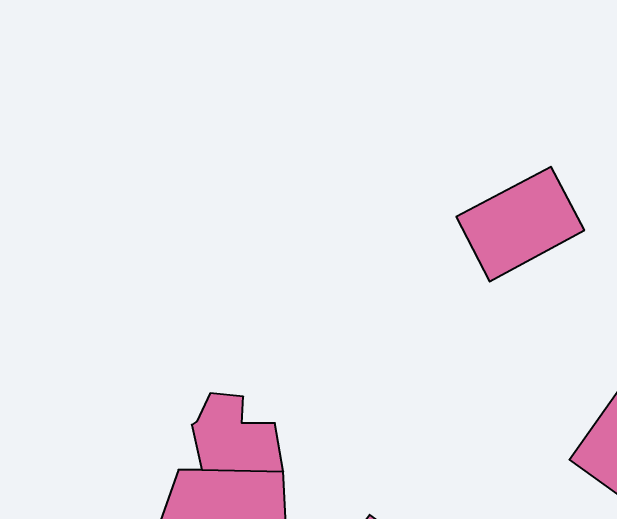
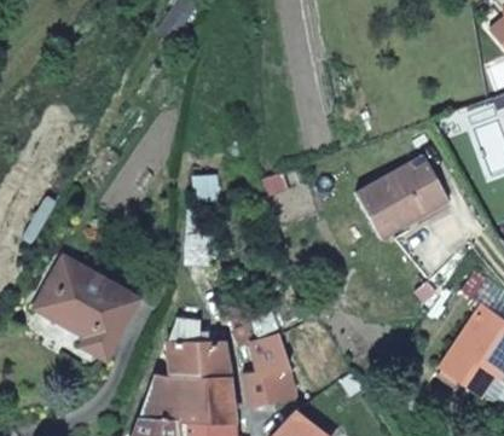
building: none -> [35,262,135,359]
building: none -> [244,330,291,400]

